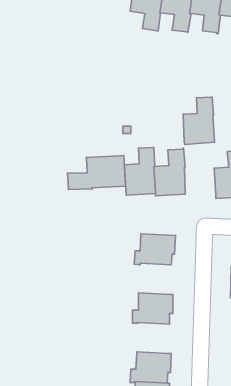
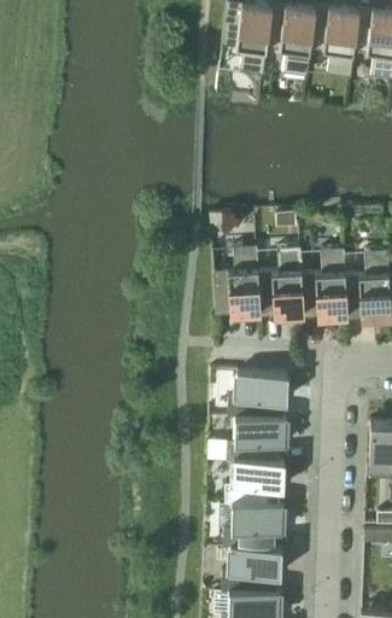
building: [183,97,214,145] -> [303,249,349,319]
building: [68,155,126,189] -> none
building: none -> [228,415,288,461]
building: none -> [224,502,285,548]

